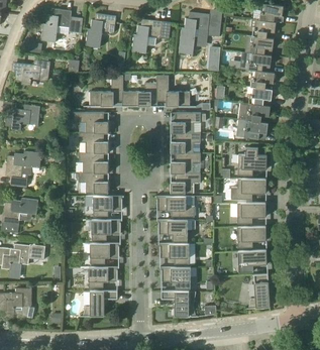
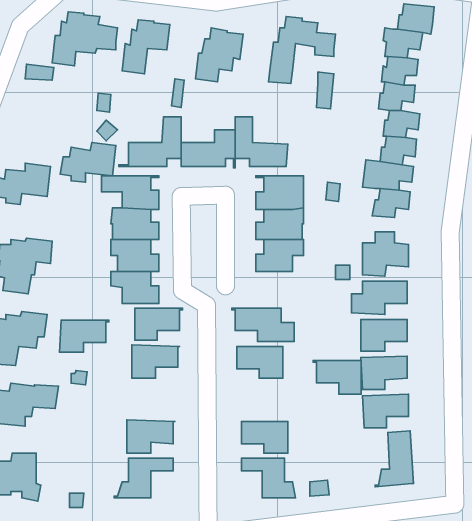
building: [14,60,49,85] -> [60,142,116,182]
building: [170,172,200,193] -> none
building: [89,243,120,263] -> [60,320,109,352]
building: [157,243,188,264] -> [313,361,361,394]

